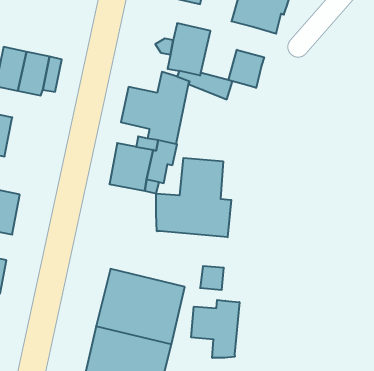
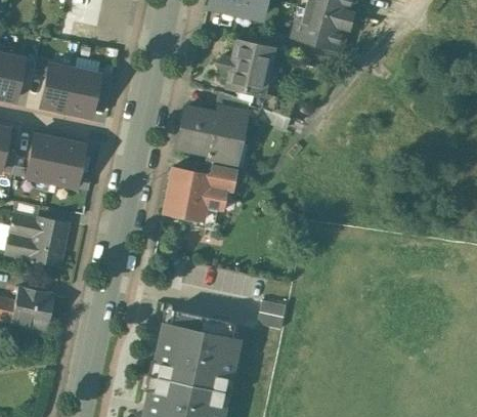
building: [228,50,264,88] -> none
building: none -> [51,140,85,187]
building: [156,158,231,237] -> none
building: [191,300,239,358] -> none

